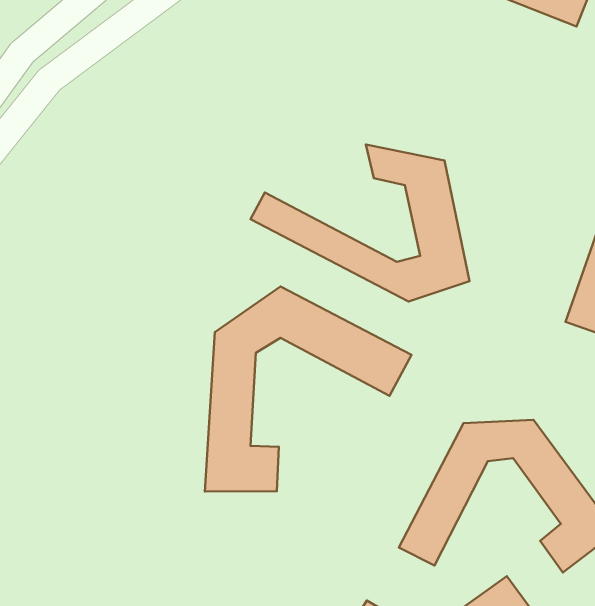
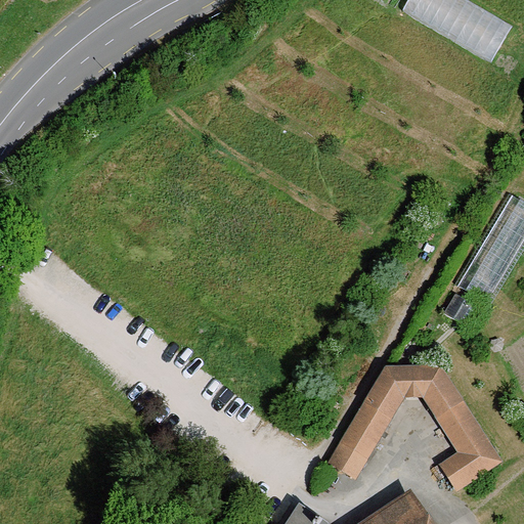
building: [250,144,470,301] -> none
building: [205,287,411,492] -> none

